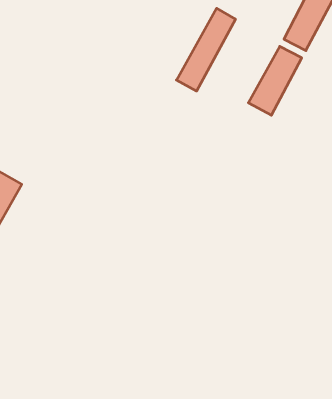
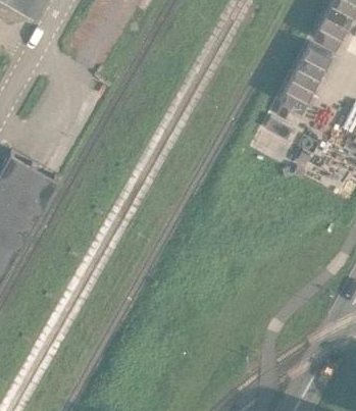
building: [176,8,235,91] -> none

